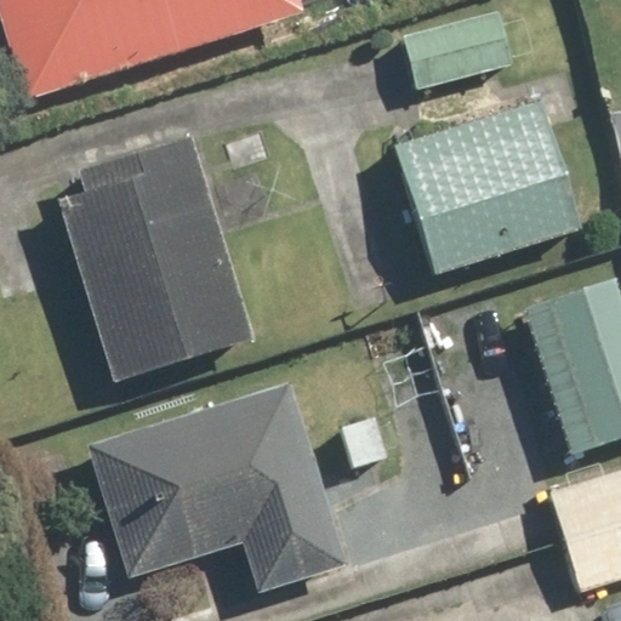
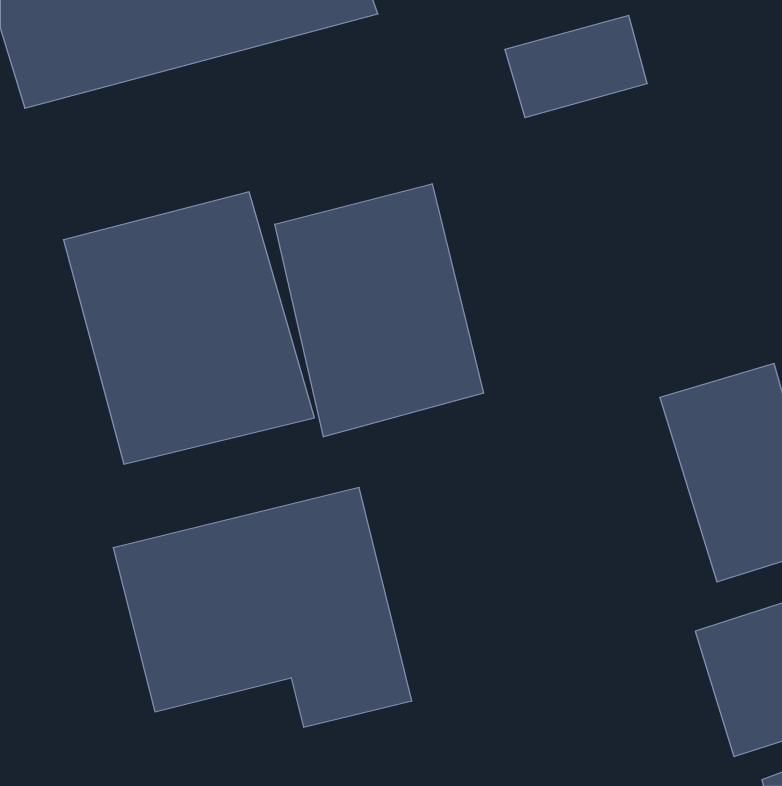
building: [400,110,576,277] -> none
building: none -> [275,184,483,437]

